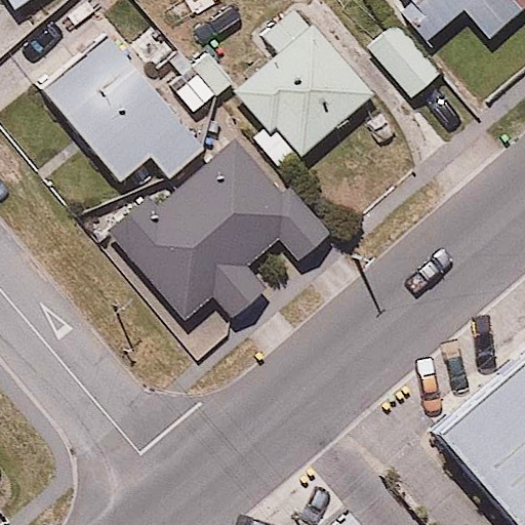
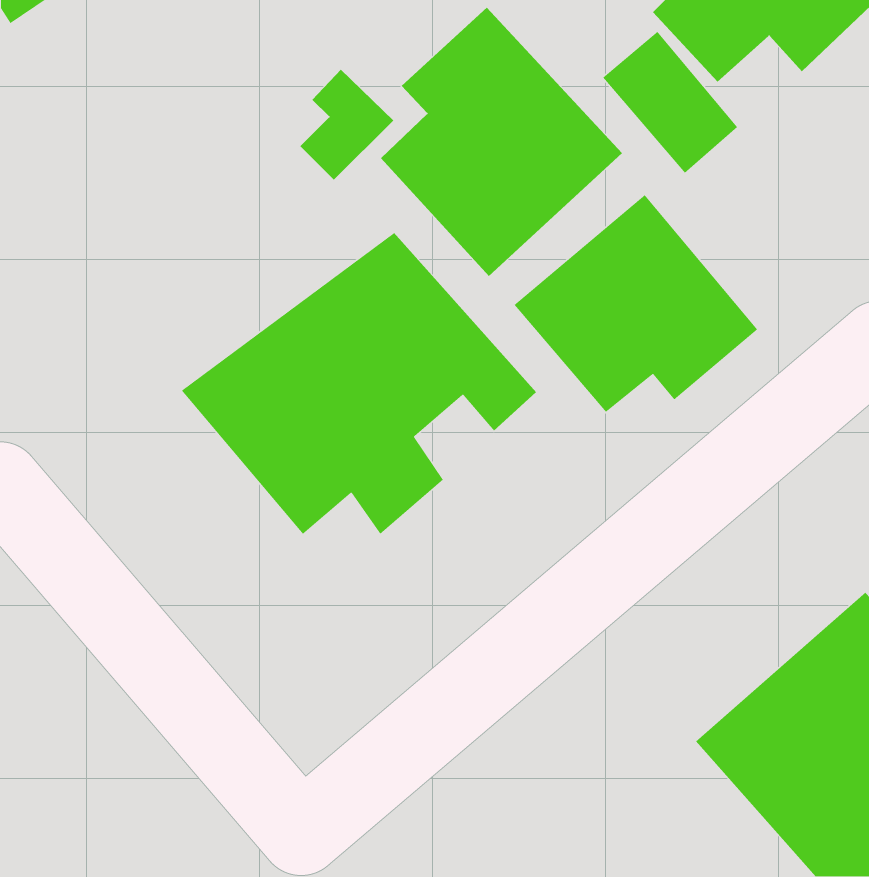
building: [36,29,209,185] -> none
building: none -> [513,194,758,413]

